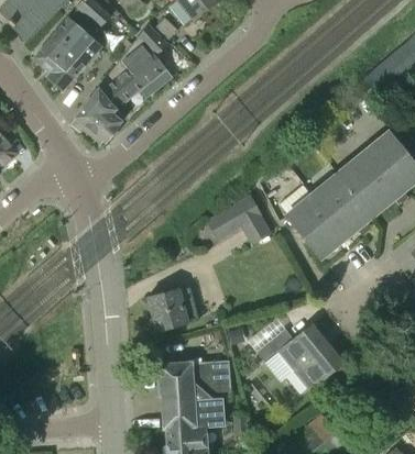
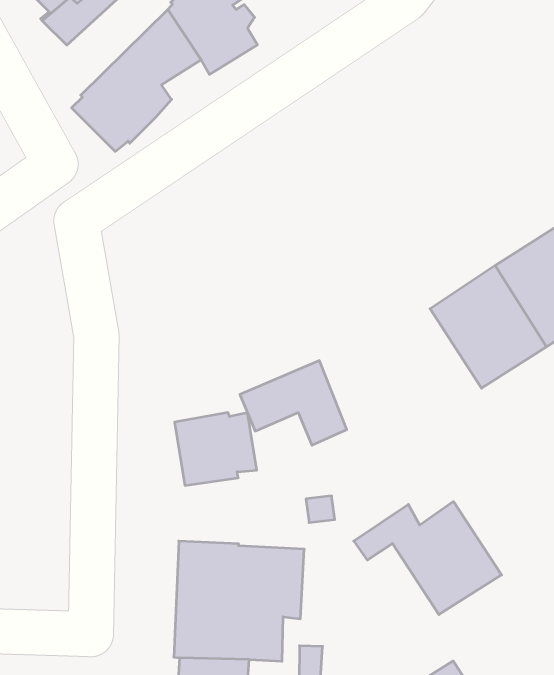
building: [208,192,271,241] -> [240,361,347,445]

